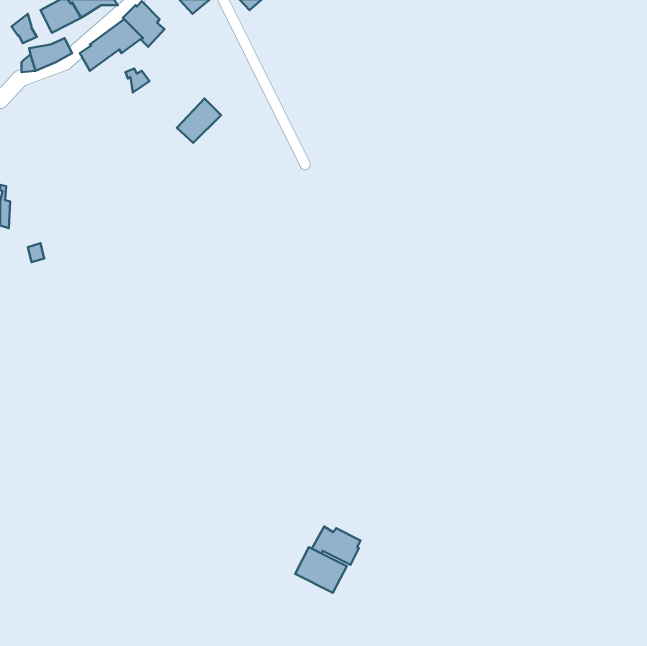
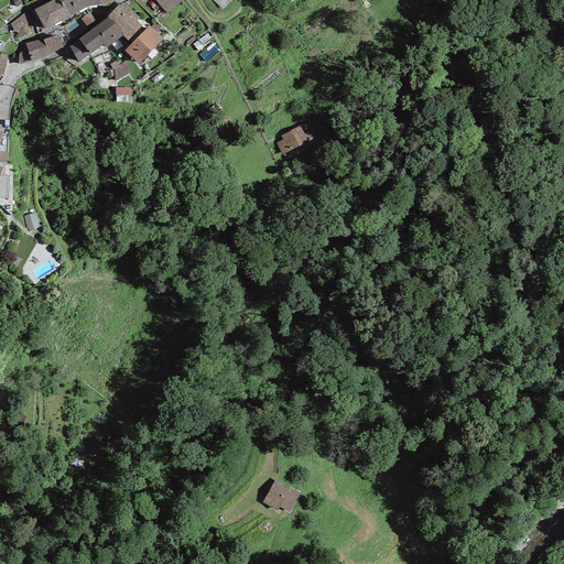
building: [177,99,221,143] -> [124,24,163,63]
building: none -> [276,124,307,153]
building: [312,526,360,565] -> none

